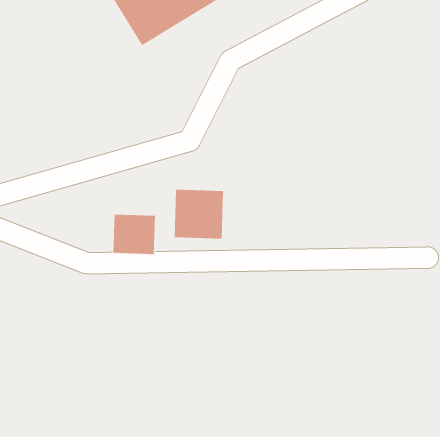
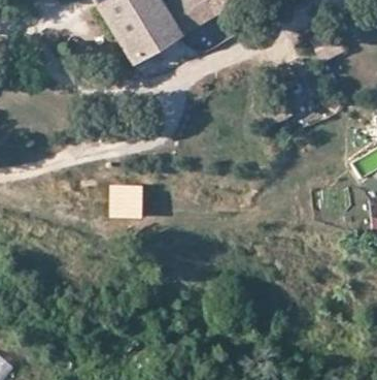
building: [174,189,224,239] -> none

